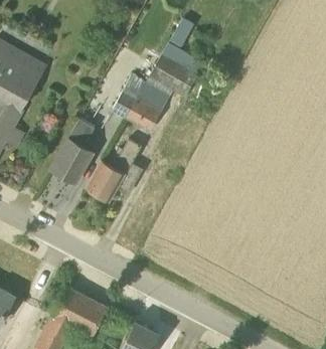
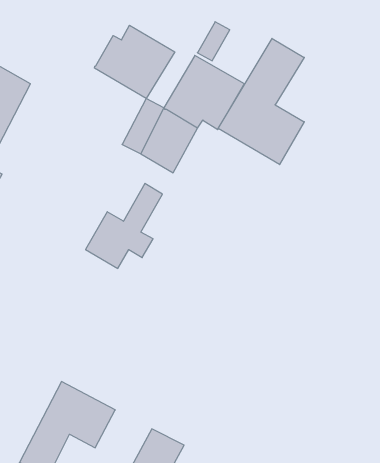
building: none -> [94,25,175,99]
building: none -> [218,38,304,165]
building: [51,120,95,183] -> none

